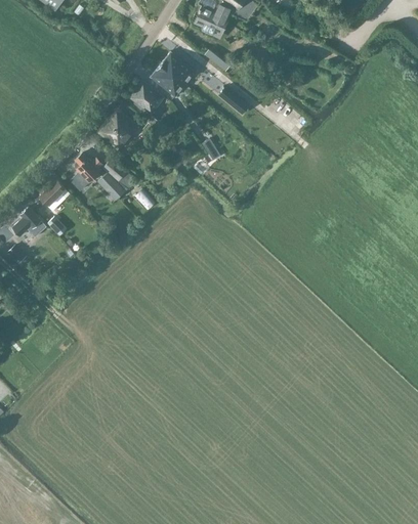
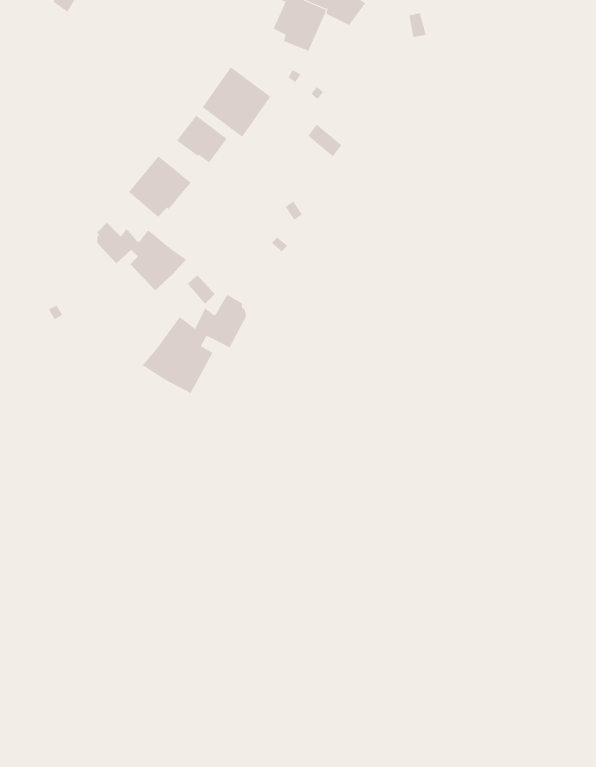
building: [39,178,71,210] -> none
building: none -> [142,294,247,394]
building: [19,205,46,247] -> none

